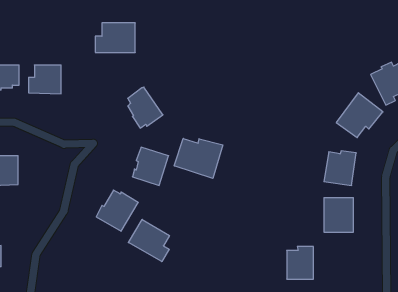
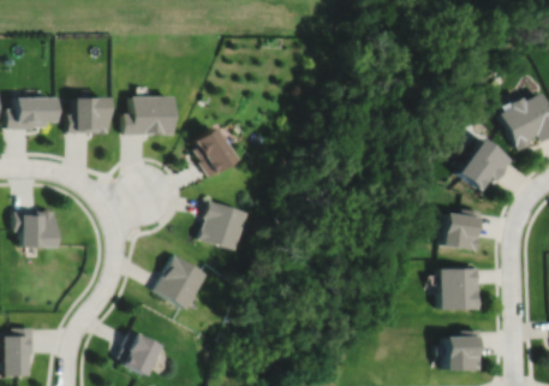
building: [95,23,135,52] -> [124,97,174,135]
building: [174,138,223,178] -> none
building: [128,219,169,262] -> none
building: [287,247,313,279] -> [446,328,479,369]
building: none -> [117,331,157,374]

